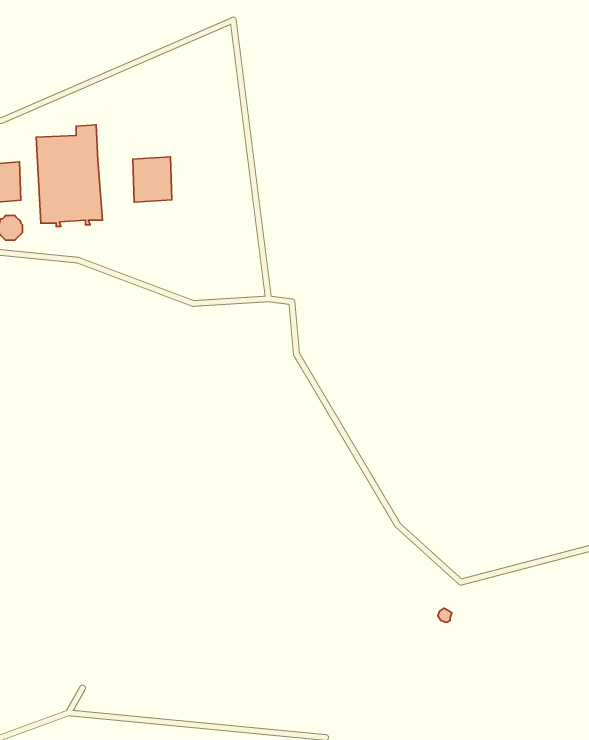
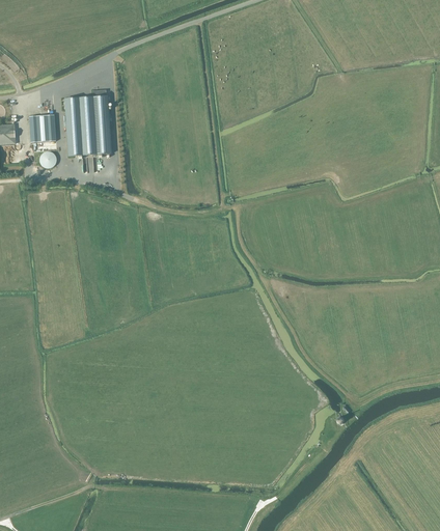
building: [133,157,172,202] -> none

